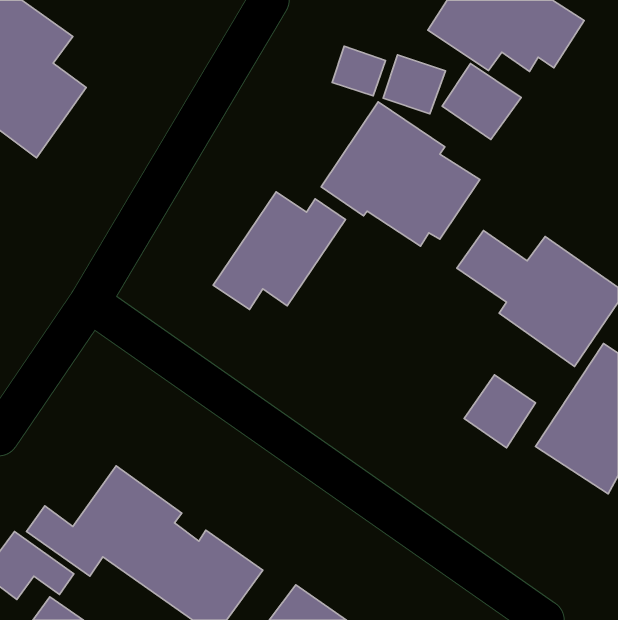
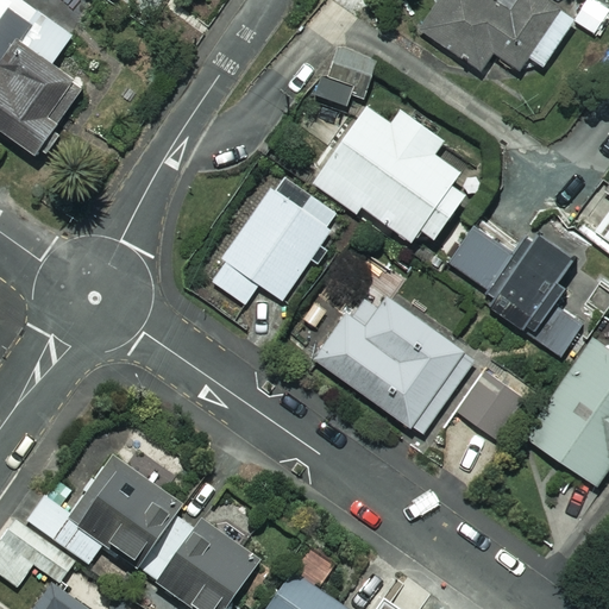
building: [383,55,446,114] -> none
building: [442,63,521,139] -> none
building: none -> [313,282,473,433]

